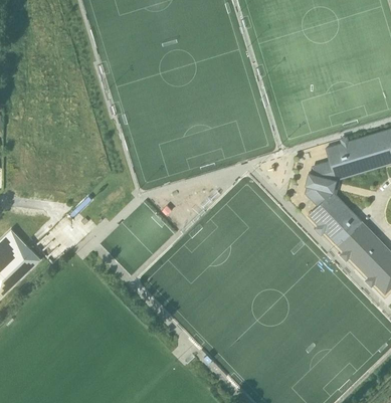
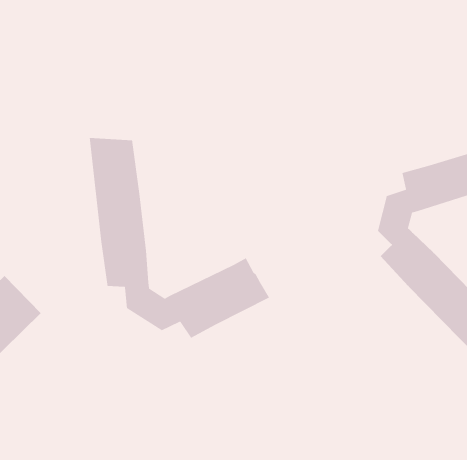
building: none -> [89,137,270,339]

